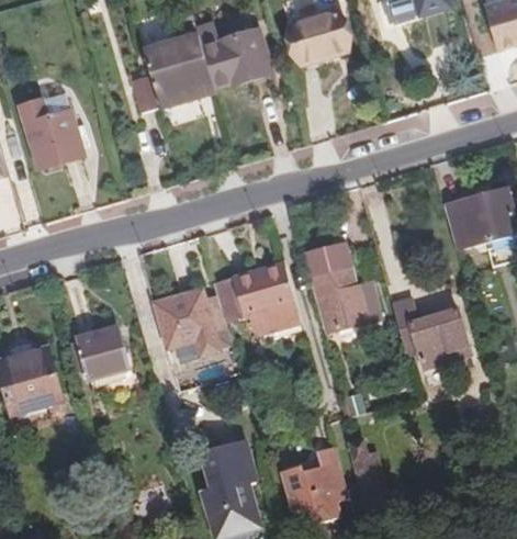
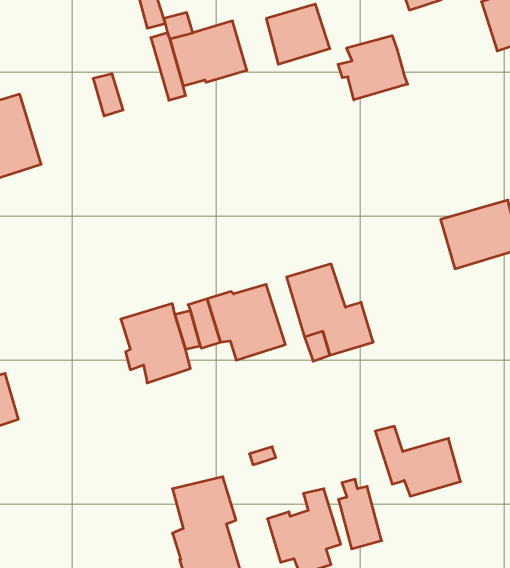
building: none -> [338,36,408,100]
building: [142,40,196,108] -> none
building: [393,299,471,362] -> [375,426,461,496]
building: [79,325,130,375] -> none

